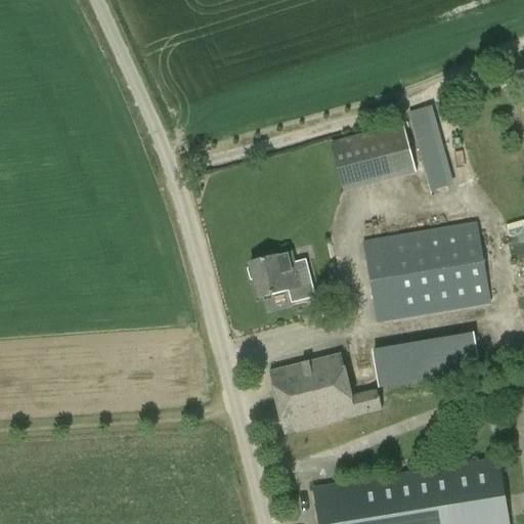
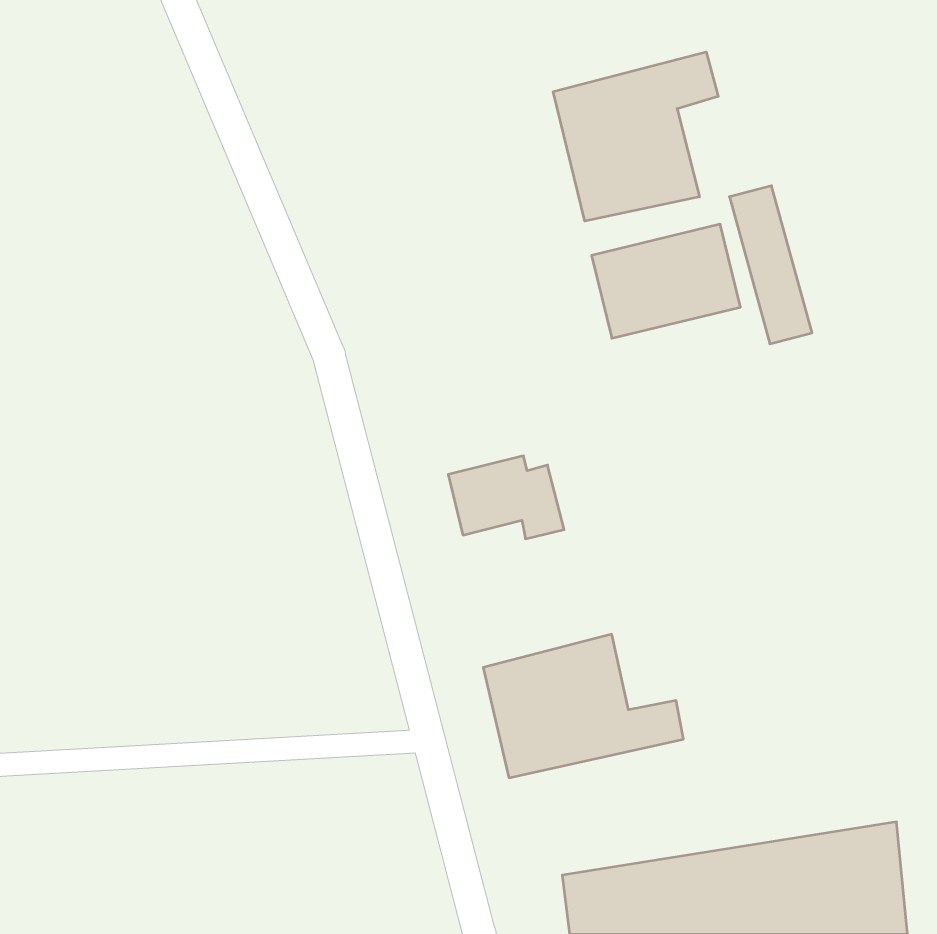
building: none -> [553,52,718,221]
building: [363,221,490,323] -> none
building: [370,335,472,386] -> none

